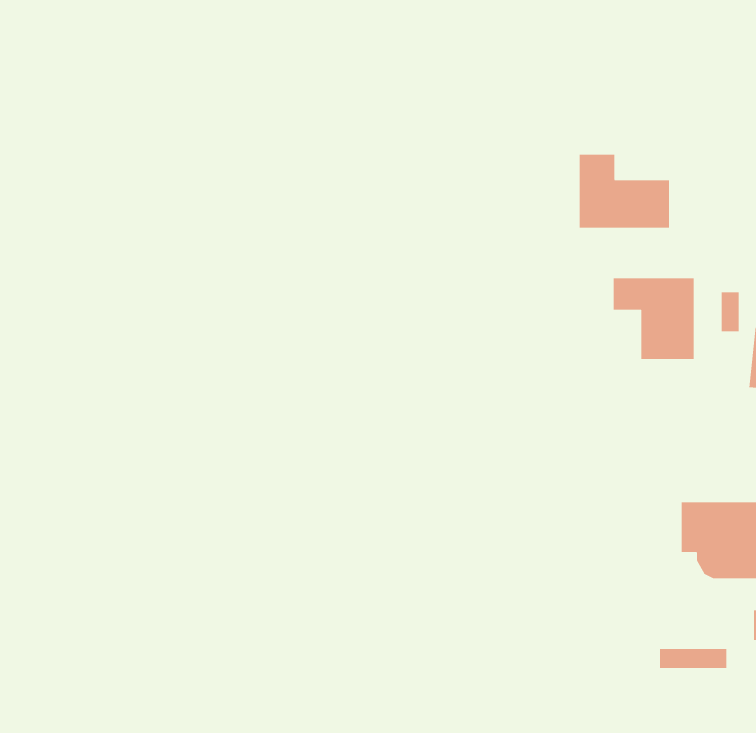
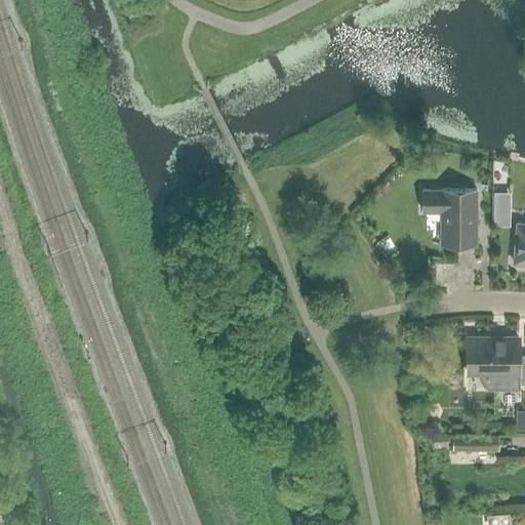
building: [579,154,669,229] -> none

